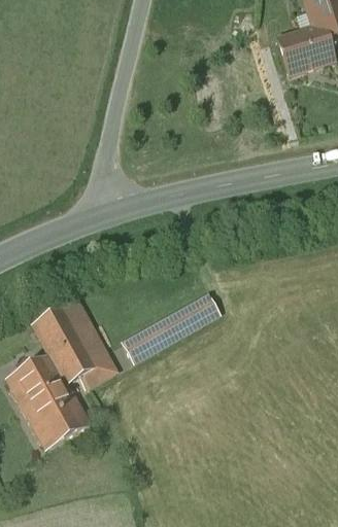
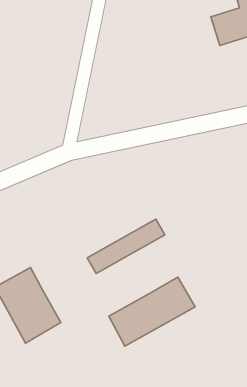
building: [33,298,116,385] -> none
building: none -> [109,277,195,346]

